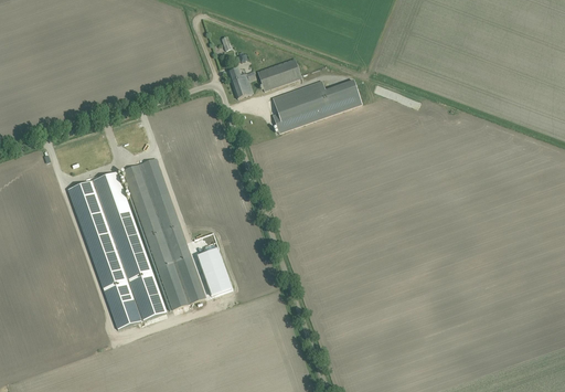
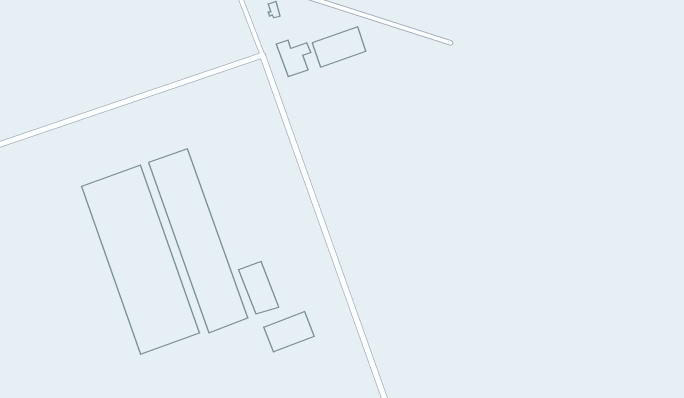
building: [271,81,362,134] -> none
building: none -> [264,311,314,352]

